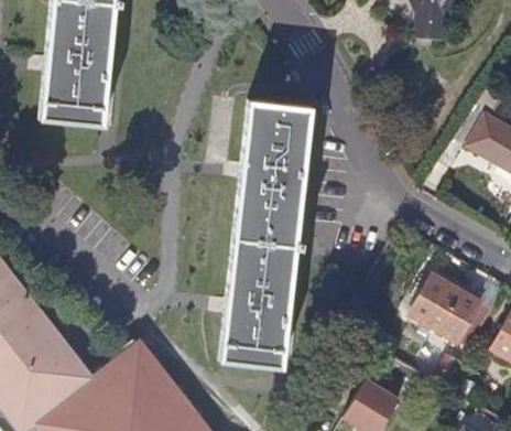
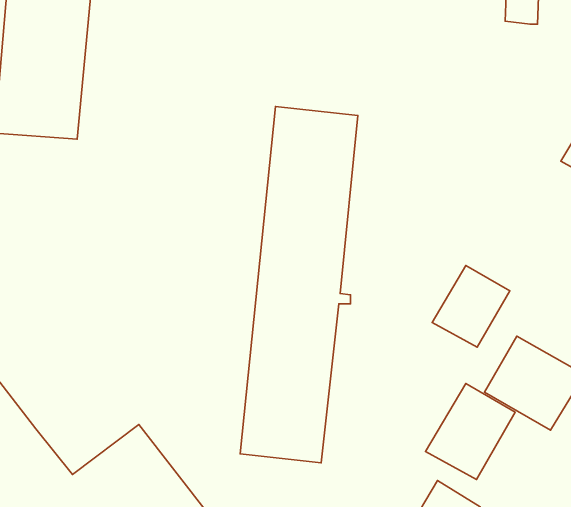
building: none -> [432,265,510,347]
building: none -> [426,383,515,479]

